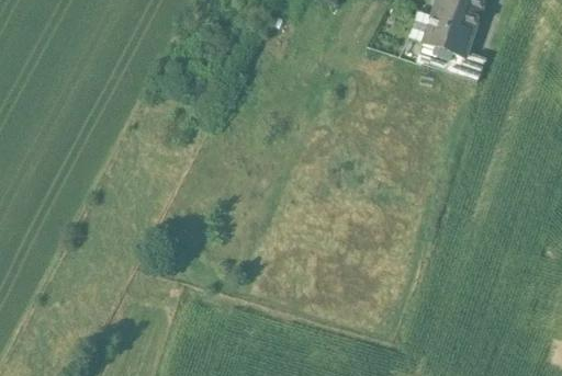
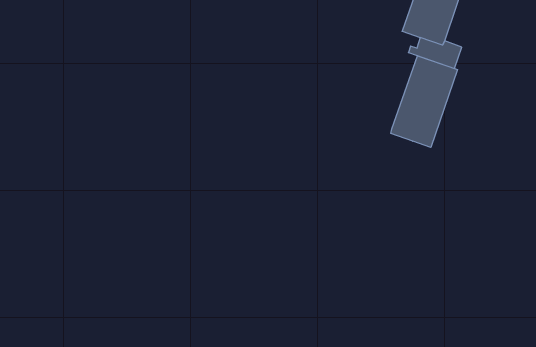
building: none -> [391,56,458,147]

